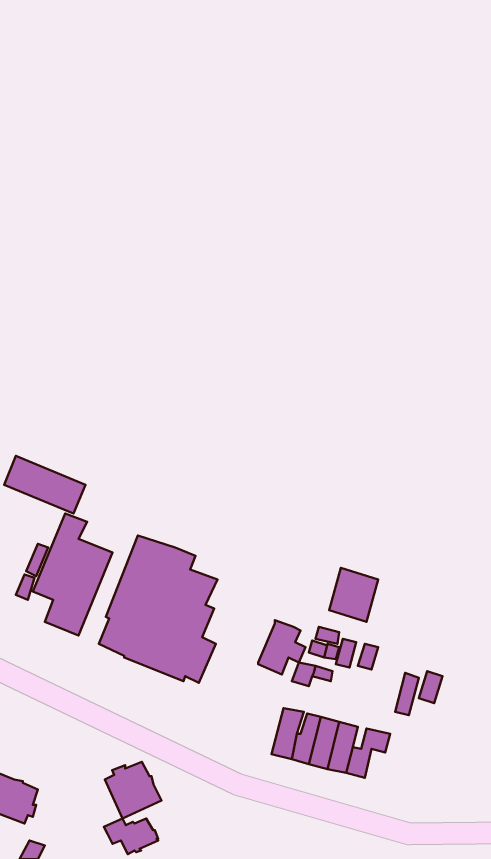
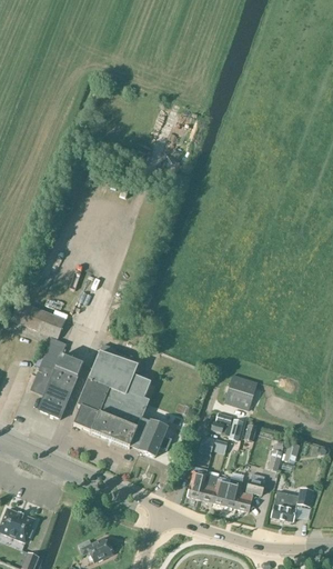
building: [258,620,305,674] -> [140,421,171,457]
building: none -> [272,487,314,521]
building: [105,762,161,818] -> none

